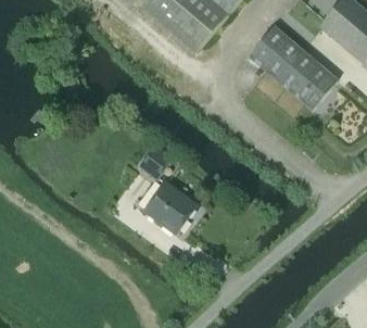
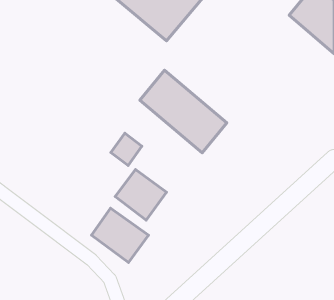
building: [249,25,337,109] -> [140,70,227,153]
building: none -> [92,208,148,262]

